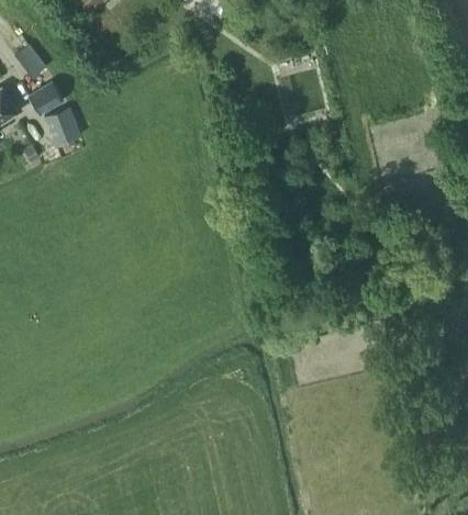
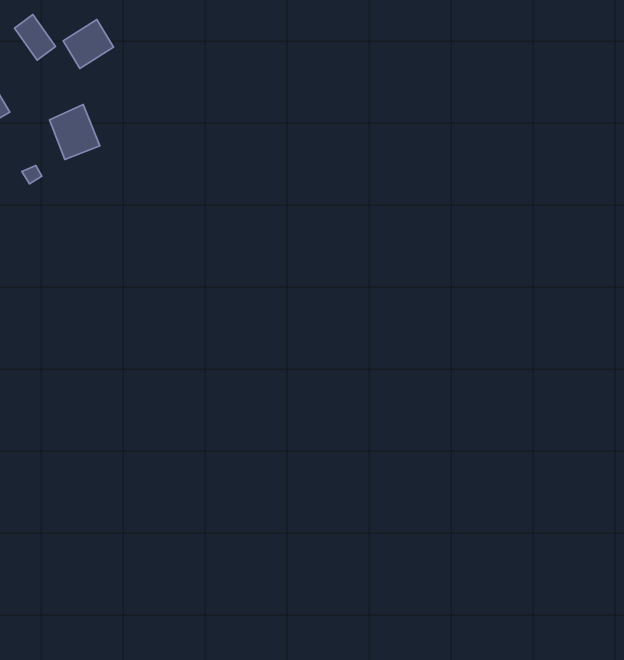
building: [26,80,63,115] -> [63,20,113,68]

